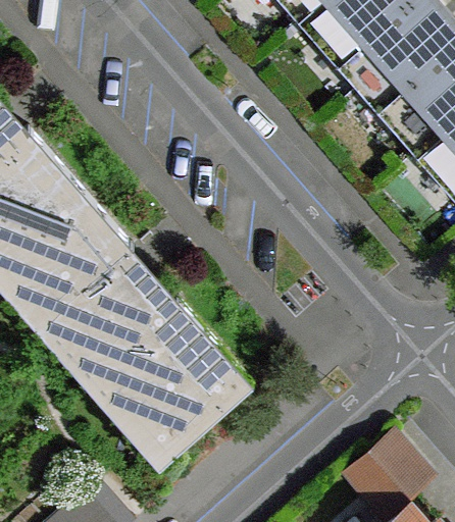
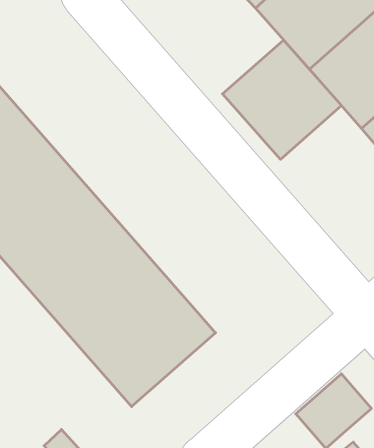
building: none -> [222,40,341,159]

